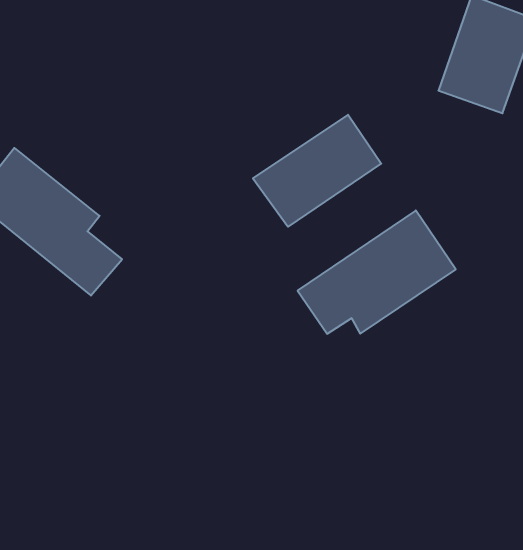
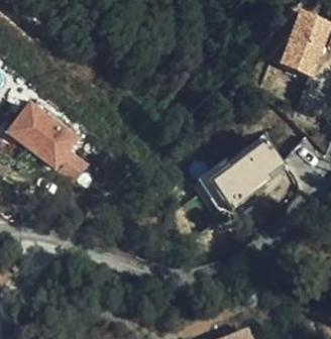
building: [253,115,381,227] -> none

